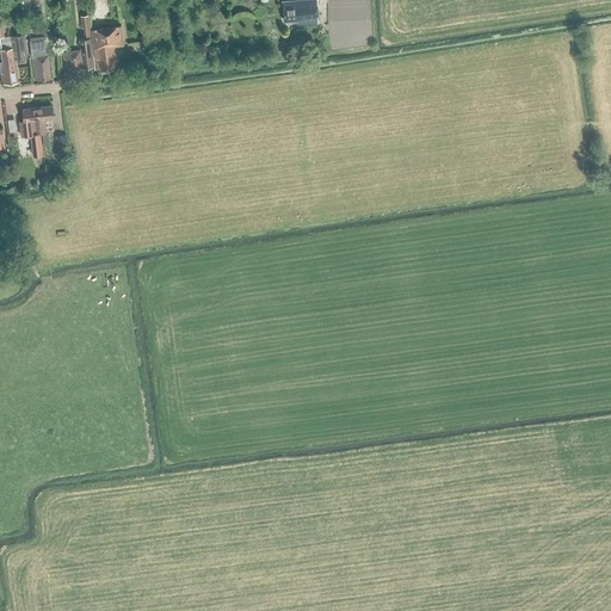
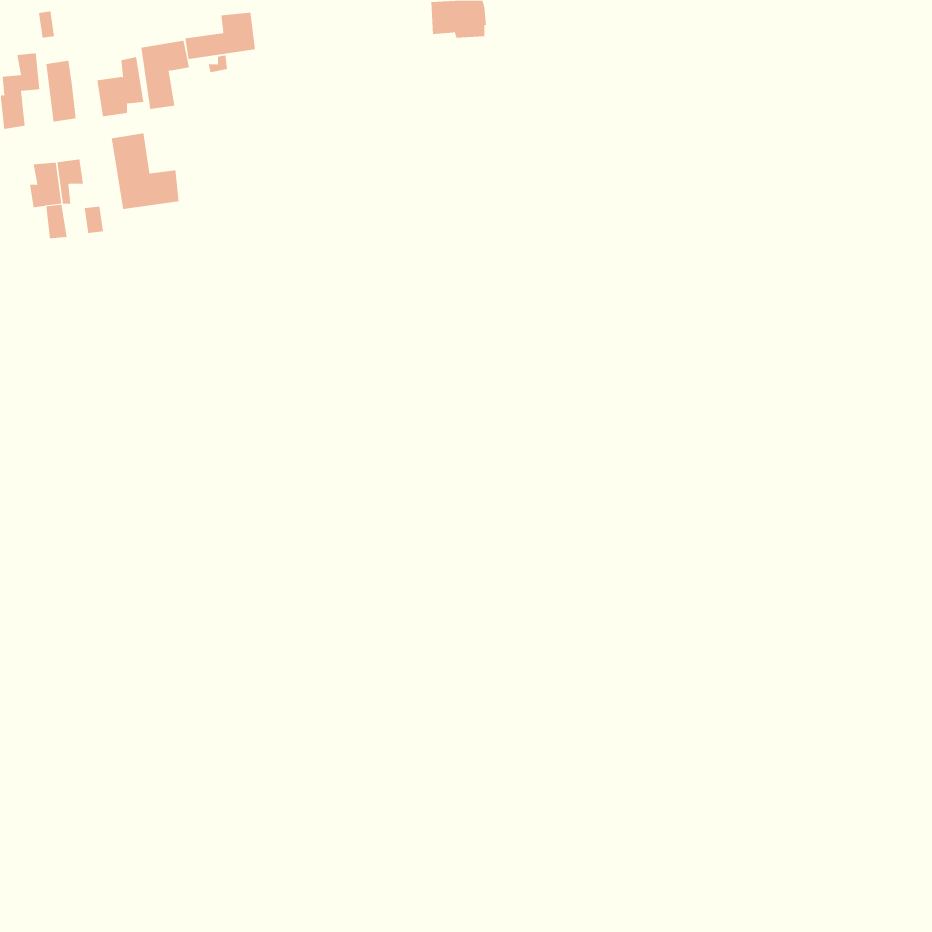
building: none -> [185,12,256,60]
building: none -> [111,132,179,210]

